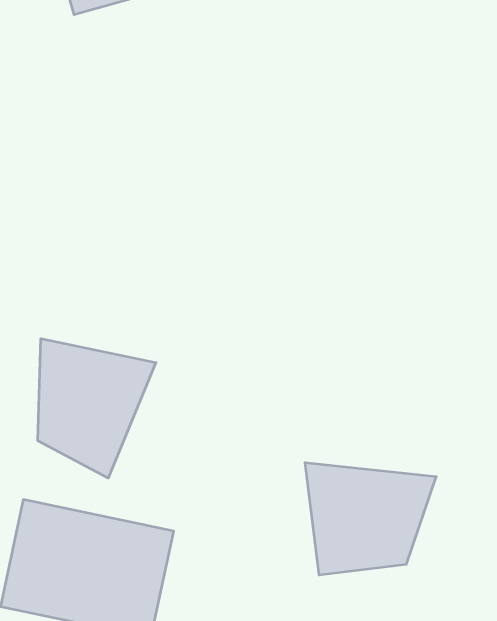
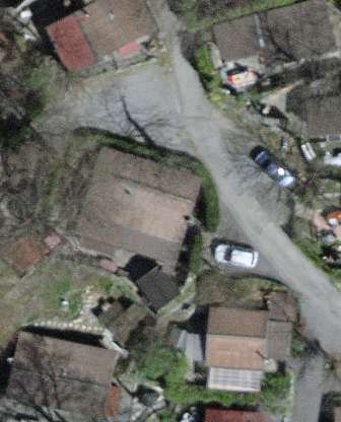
building: [38,339,156,478] -> none

